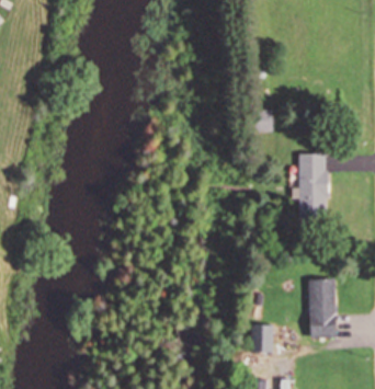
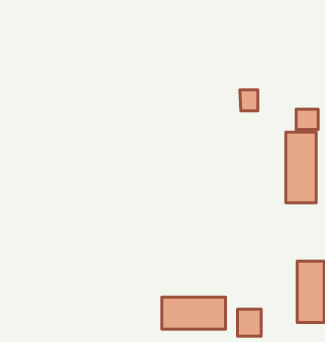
building: none -> [296,109,318,129]
building: none -> [162,297,225,329]

